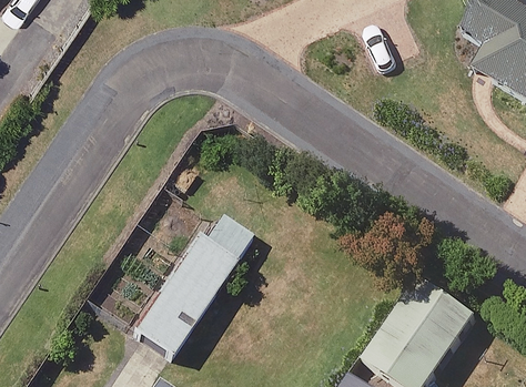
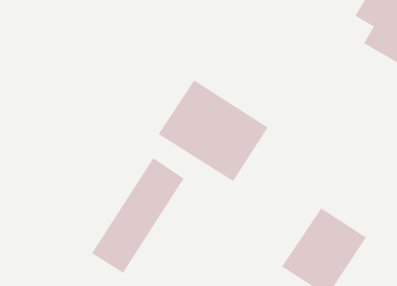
building: none -> [158,79,269,182]

